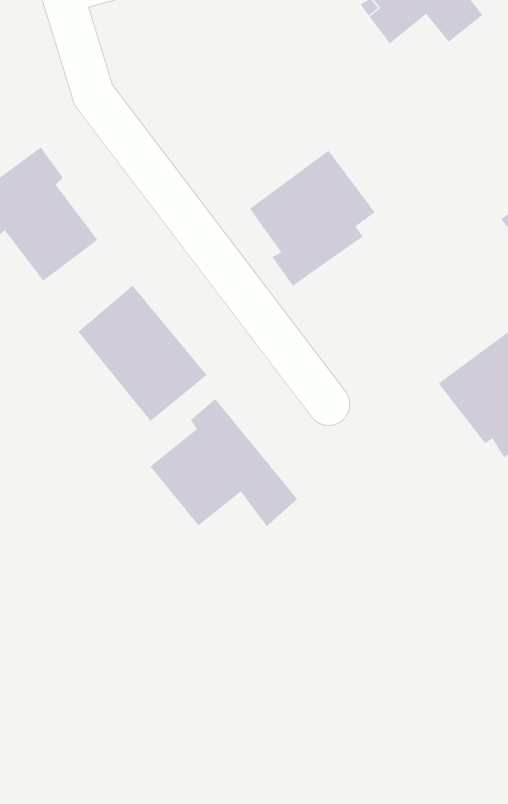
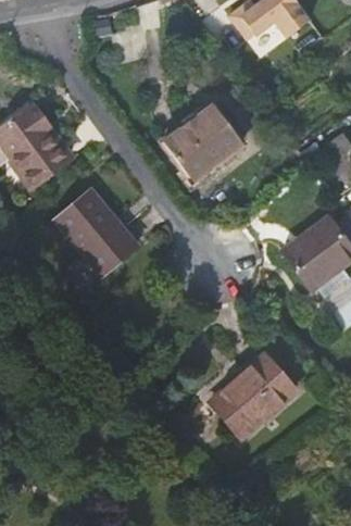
building: [150,398,298,527] -> none
building: none -> [210,353,294,436]

